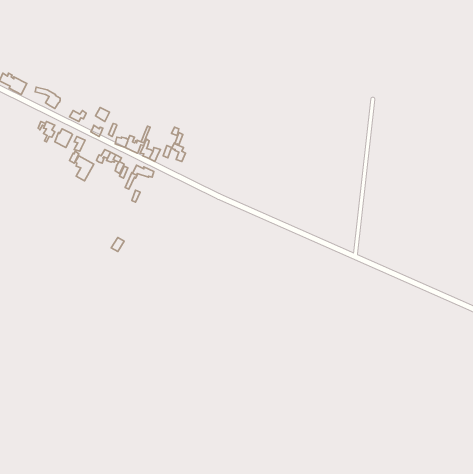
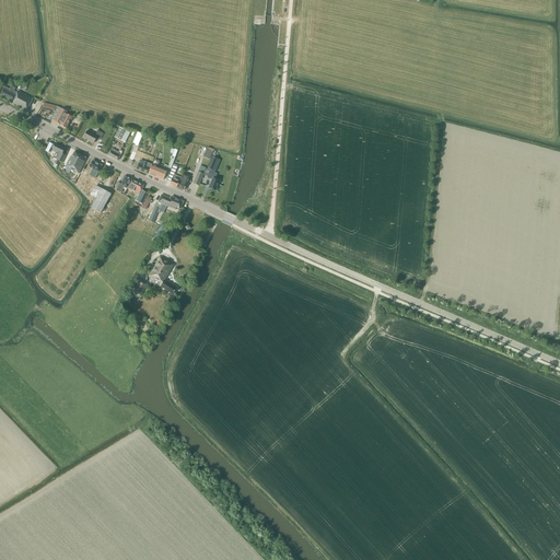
building: none -> [148,257,176,294]

